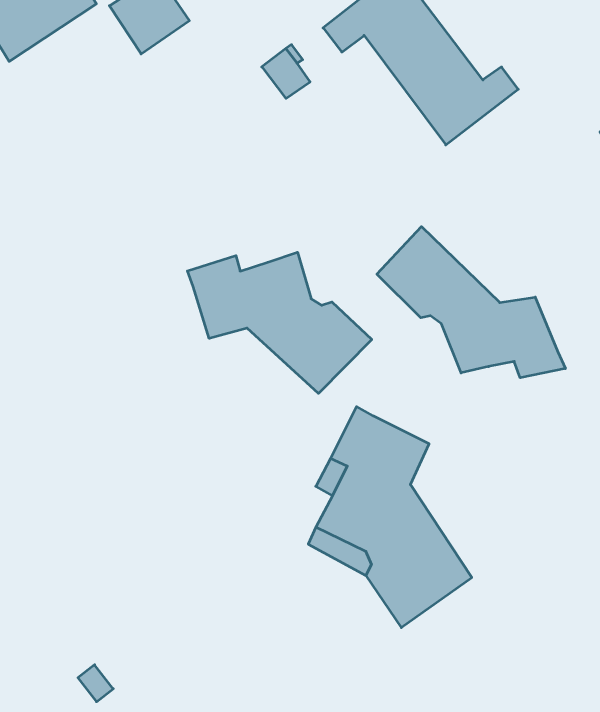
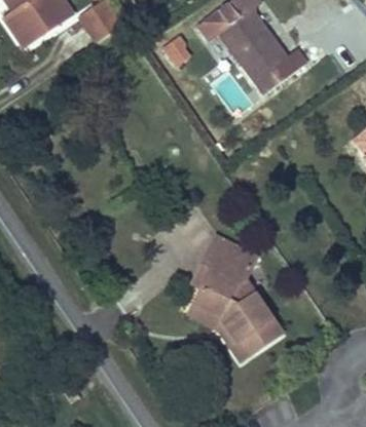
building: [377,227,565,378] -> none
building: [187,252,372,393] -> none

